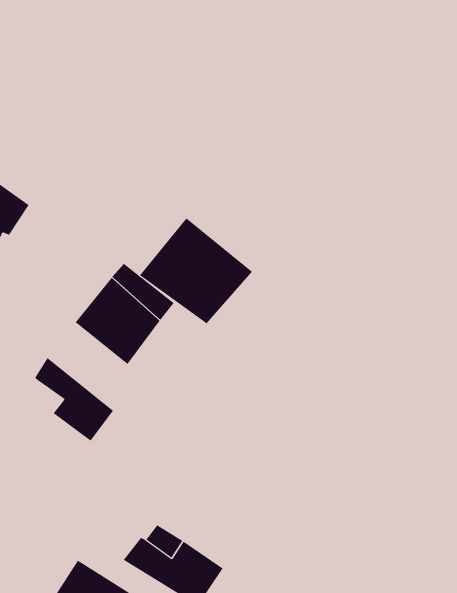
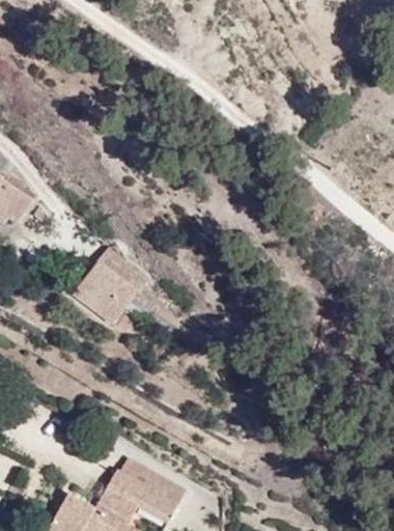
building: [139,218,253,324] -> none
building: [35,357,114,441] -> none

